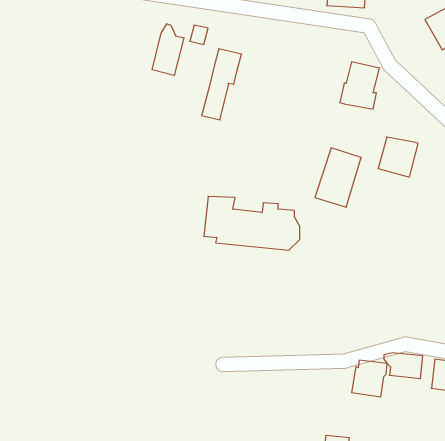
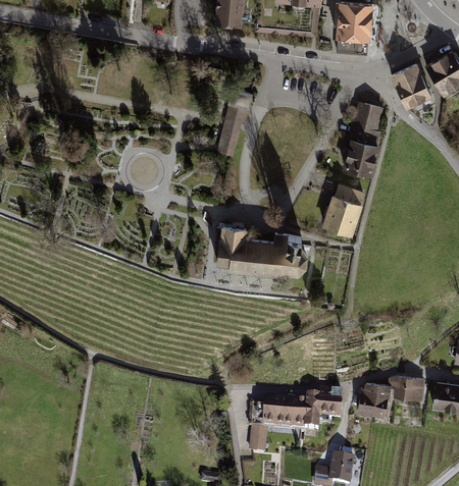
building: none -> [388,57,429,106]
building: [152,24,184,76] -> none
building: [378,137,418,177] -> [342,140,379,177]
building: none -> [249,390,343,451]

